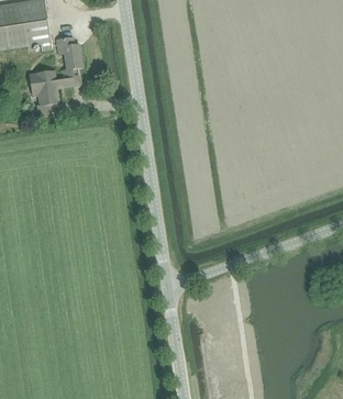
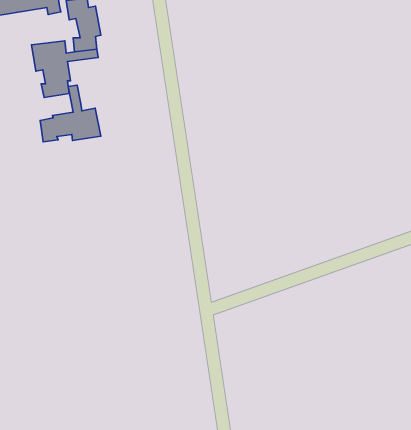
building: none -> [40,85,101,142]

